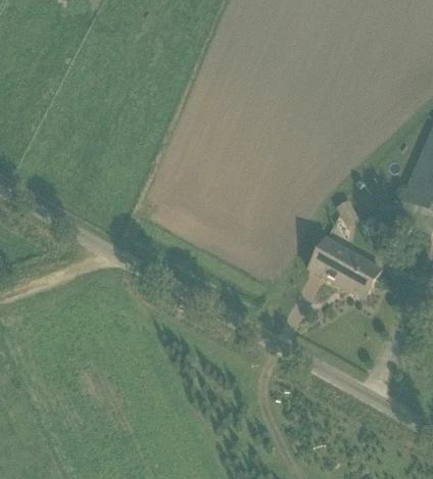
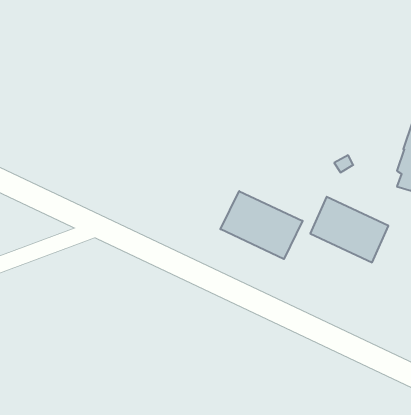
building: none -> [220,191,303,259]

